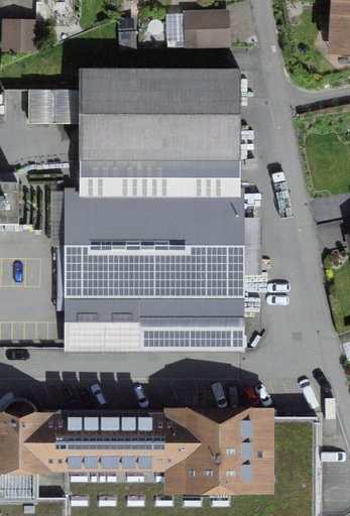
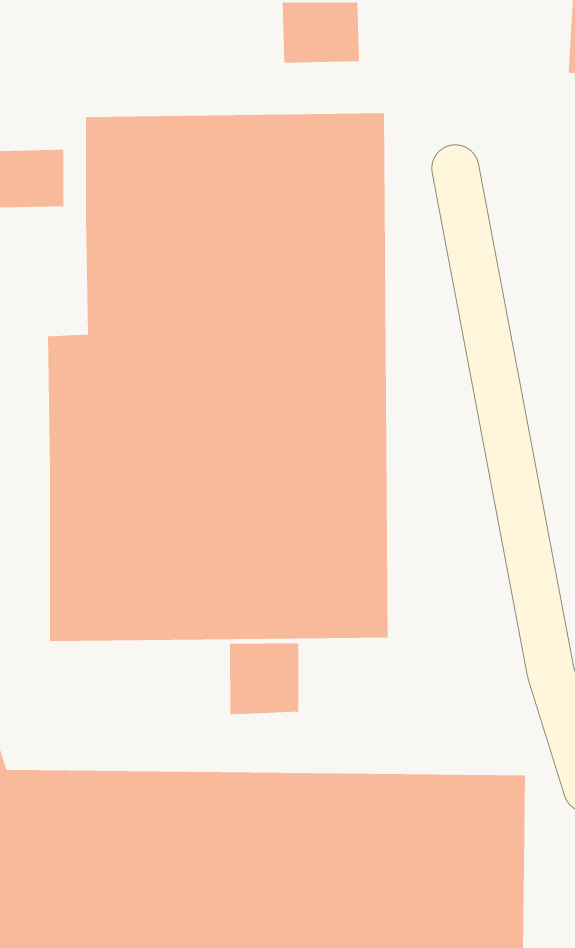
building: none -> [230,643,299,715]

